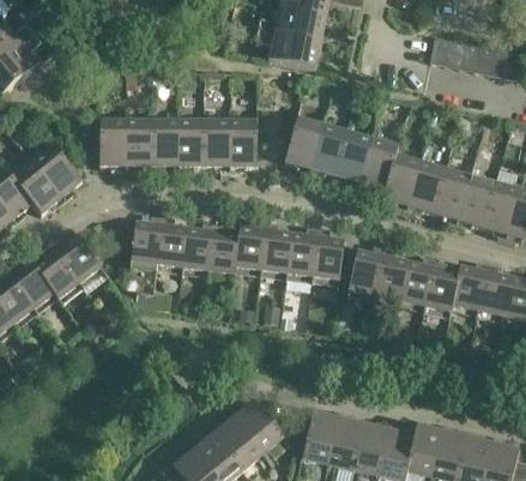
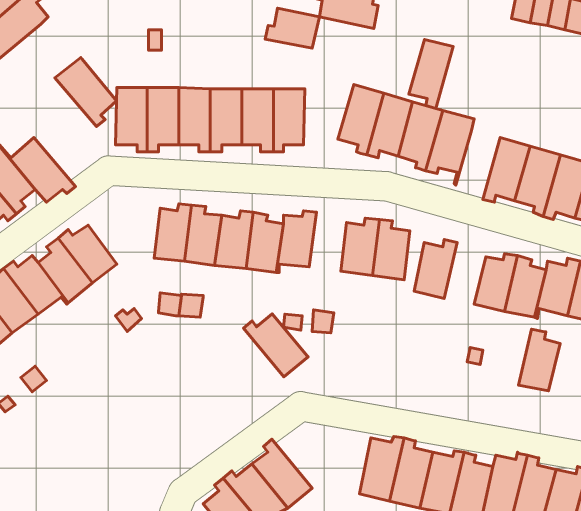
building: none -> [265,8,319,48]
building: [29,144,80,202] -> [55,58,117,127]
building: [381,155,418,212] -> [409,39,453,108]
building: [259,223,290,272] -> none
building: [371,248,406,300] -> [519,329,560,391]
building: [228,401,282,453] -> [244,314,308,377]

